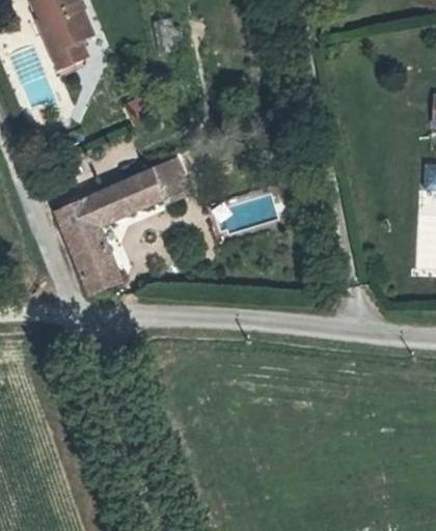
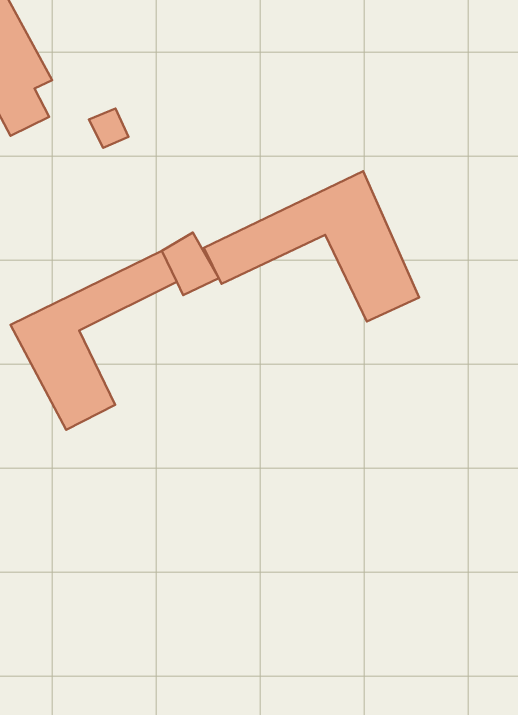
building: none -> [204,171,419,321]

